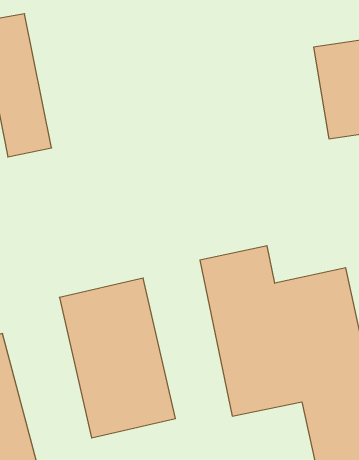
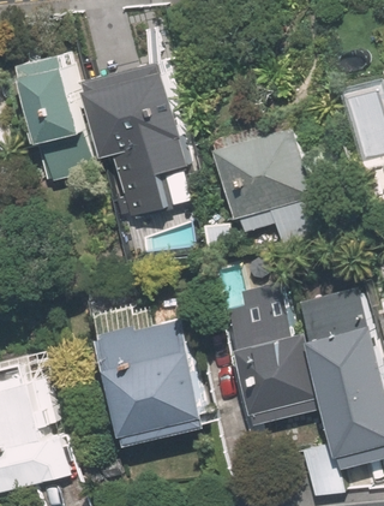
building: none -> [78,61,182,207]
building: none -> [210,121,320,249]

